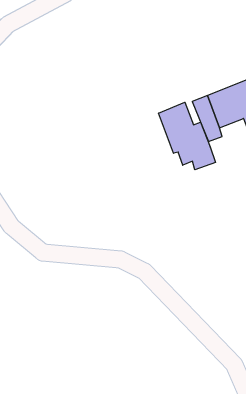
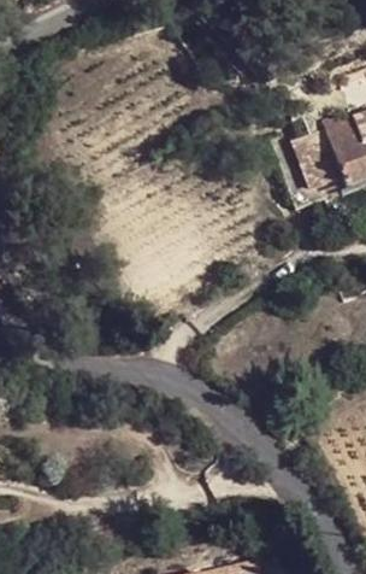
building: [159,102,216,170] -> none

